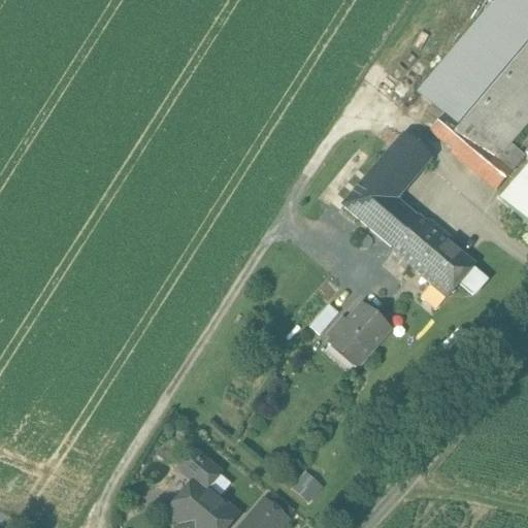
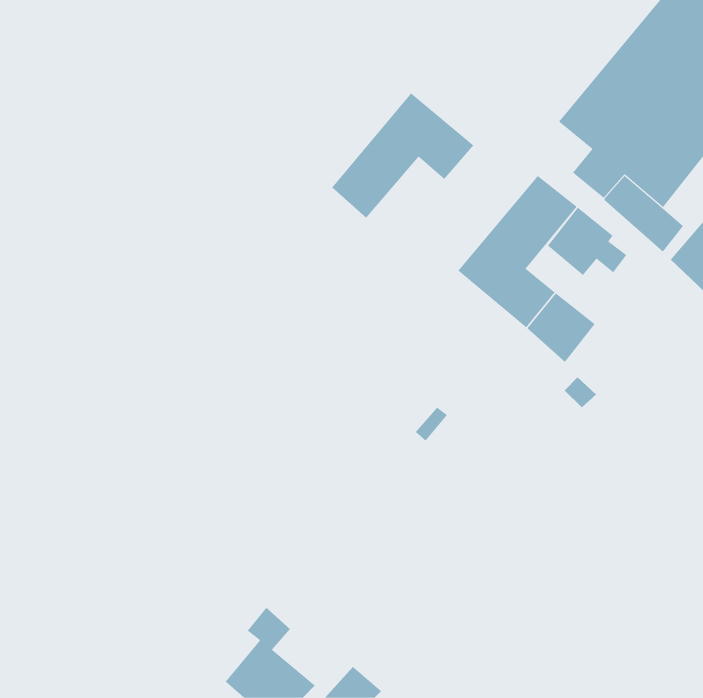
building: none -> [332,92,474,218]
building: [424,242,484,294] -> [547,207,627,276]
building: [327,301,392,368] -> none
building: [291,467,324,499] -> none

